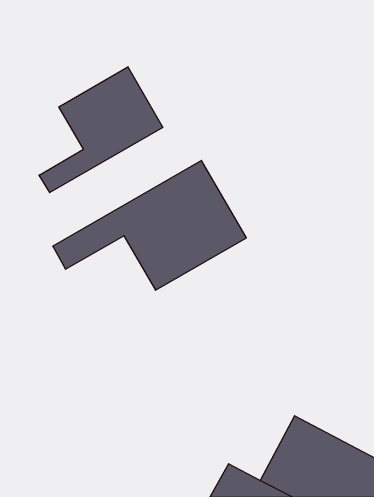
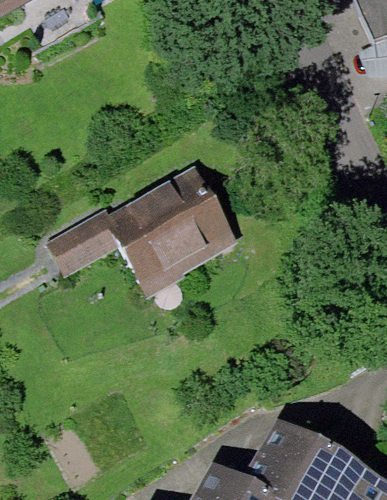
building: [39,67,163,193] -> none

